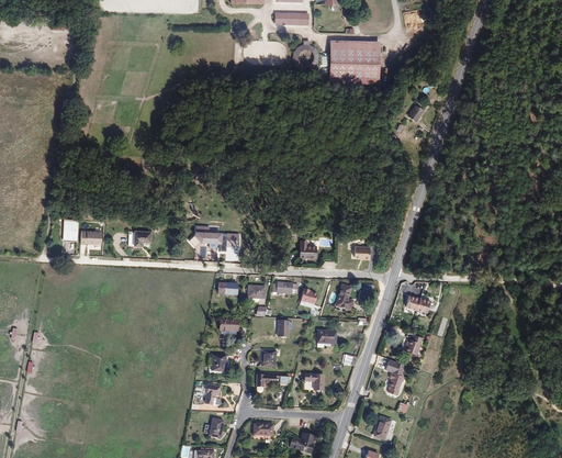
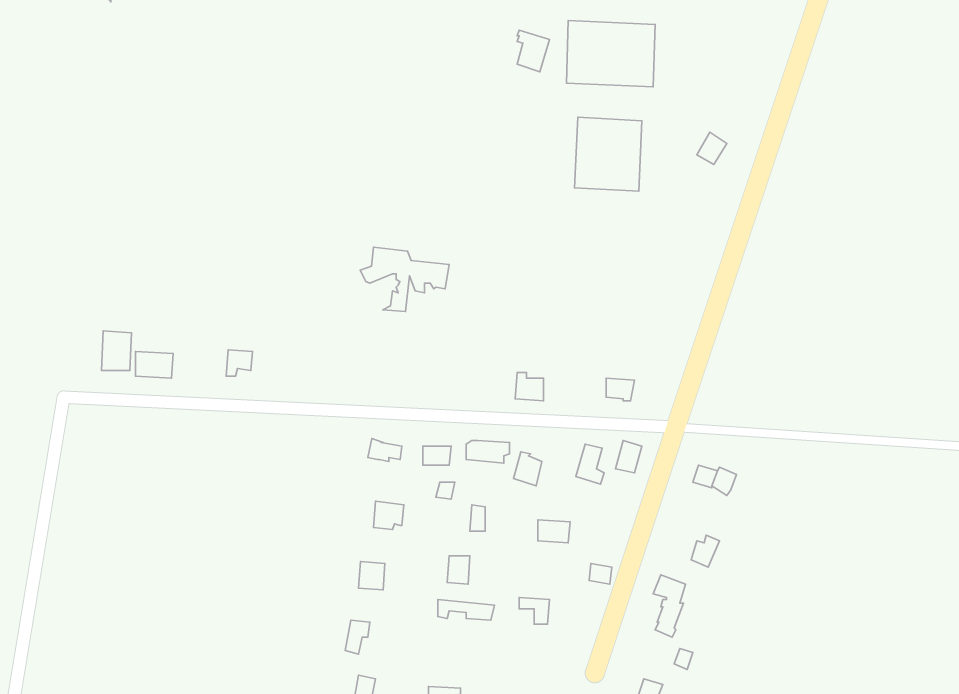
building: none -> [575,117,642,191]
building: [190,225,241,262] -> [360,247,449,312]

